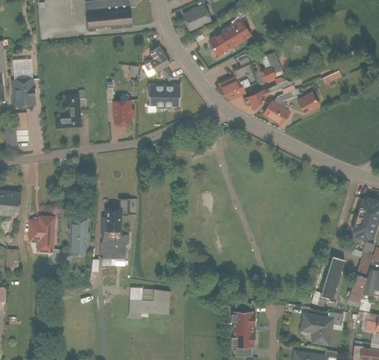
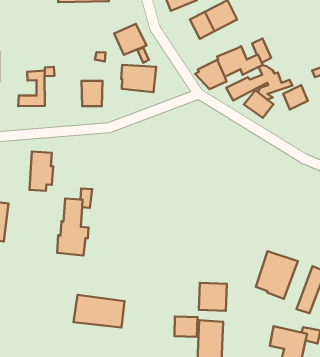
building: [69,220,89,255] -> [29,152,53,191]
building: none -> [256,251,298,299]
building: none -> [199,283,227,311]
building: none -> [174,316,198,337]

